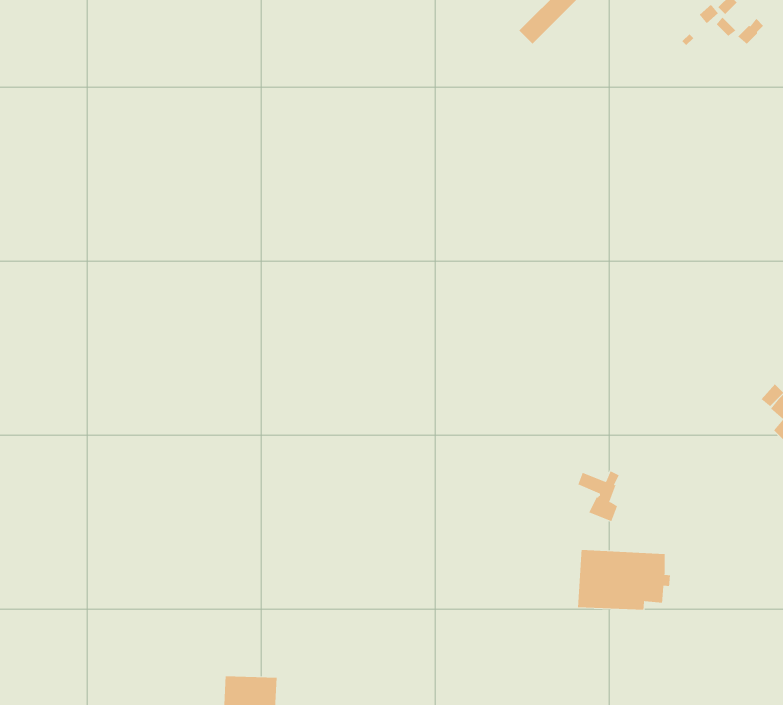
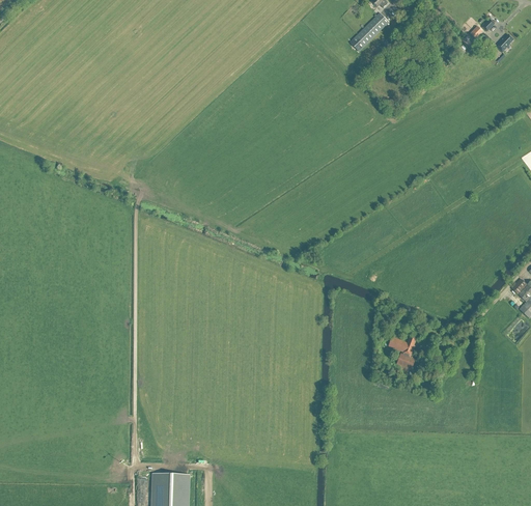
building: [577,549,670,610] -> none

